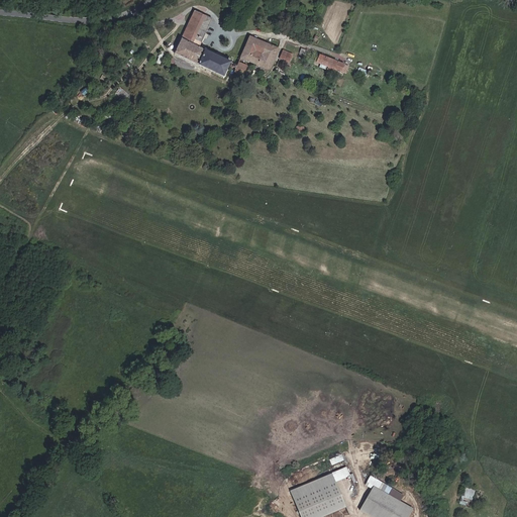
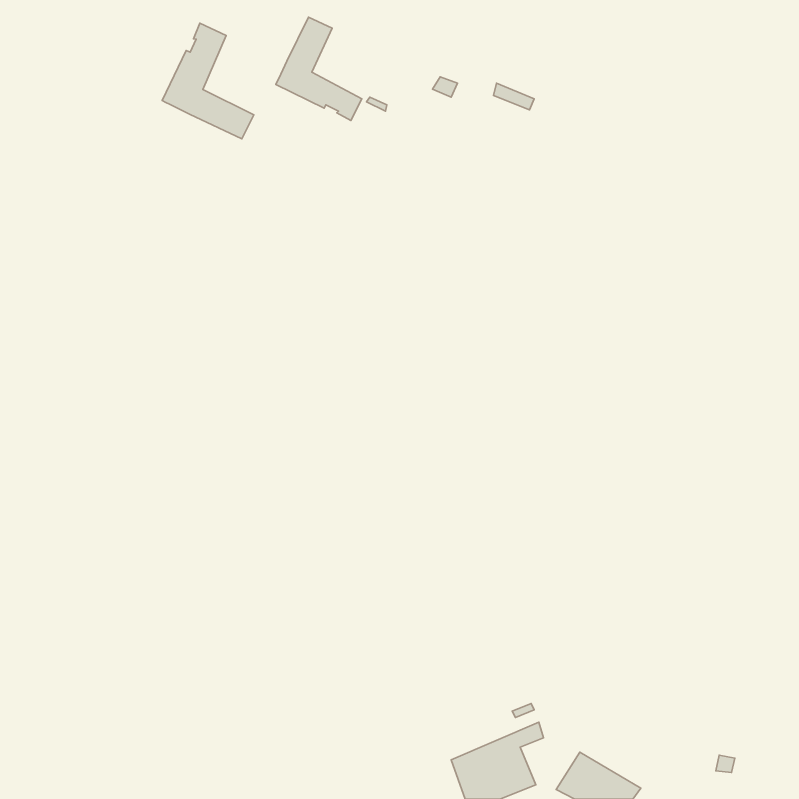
building: none -> [162,23,254,139]
building: [239,35,281,69] -> none

